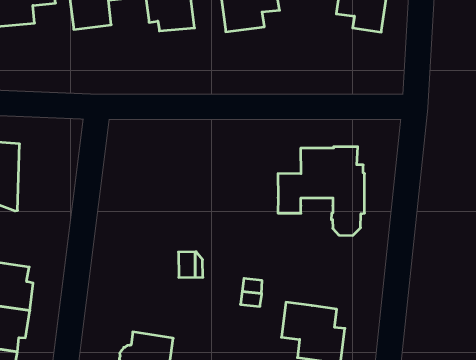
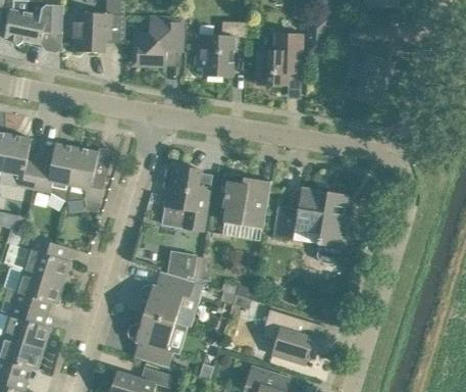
building: none -> [66,148,106,203]
building: none -> [162,165,210,231]
building: none -> [223,178,270,229]
building: none -> [141,272,195,326]

